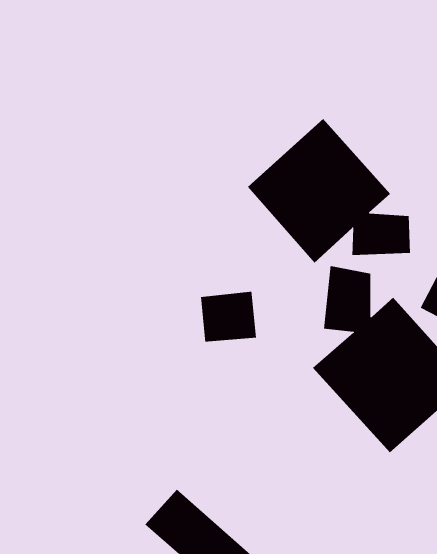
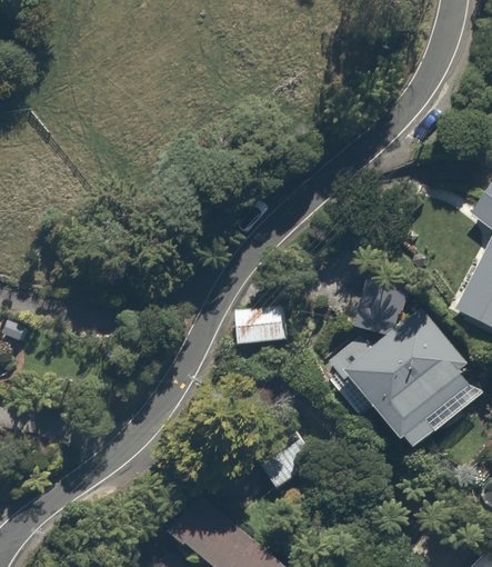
building: [247,118,411,264] -> none

